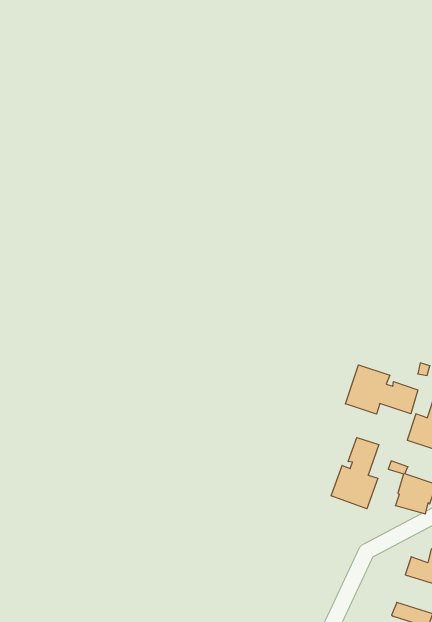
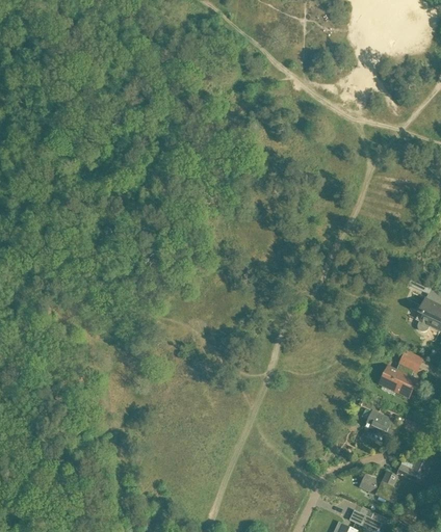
building: [345,365,418,414] -> none
building: [331,438,379,509] -> none

